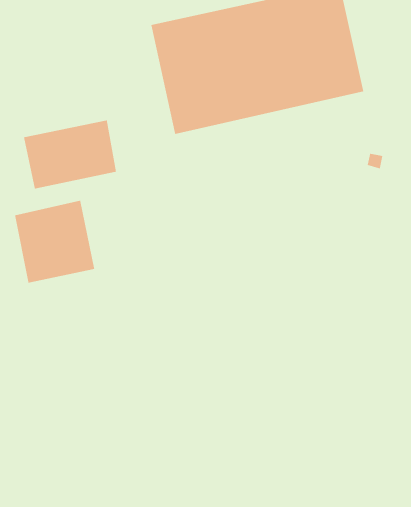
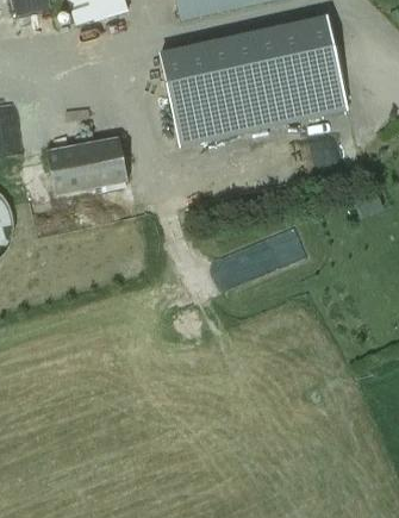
building: [14,200,95,283] -> none

